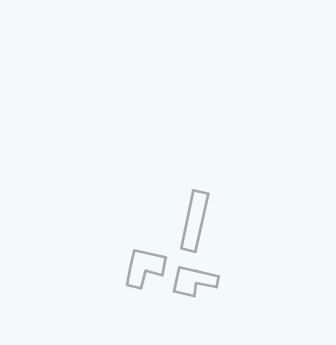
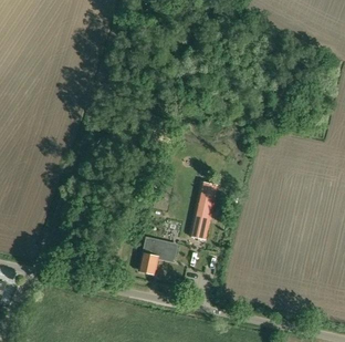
building: [174,267,219,296] -> none

